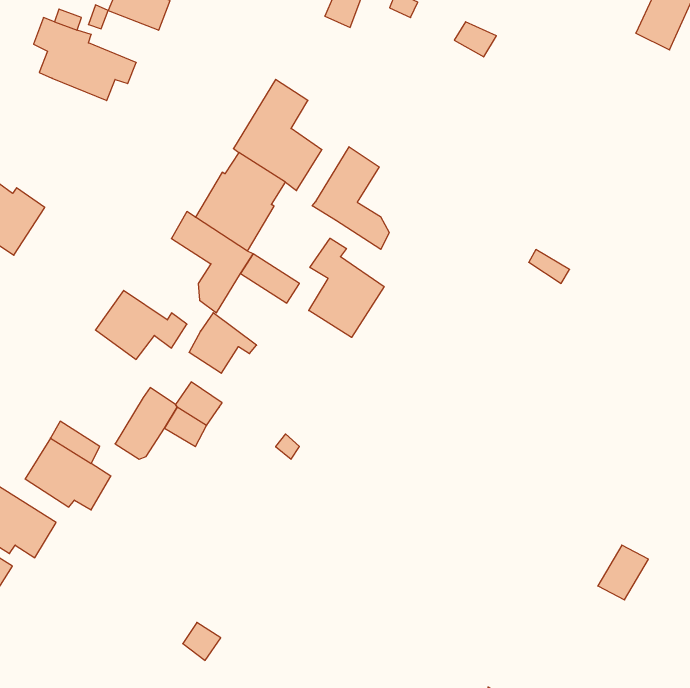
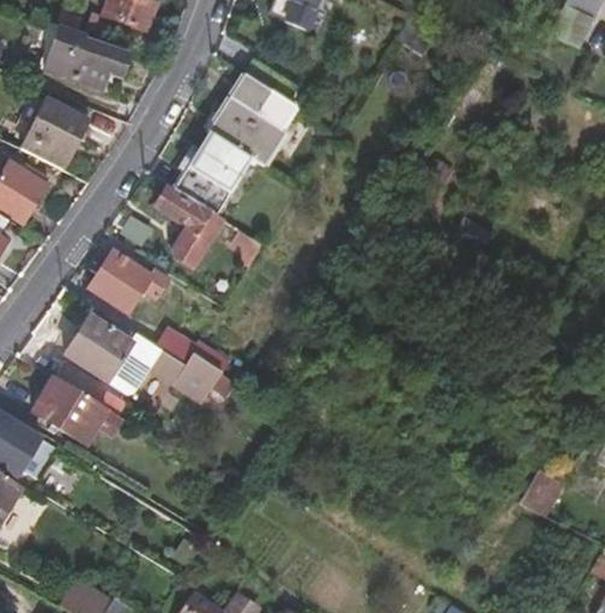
building: none -> [20,101,83,168]
building: [312,147,389,249] -> none
building: [309,238,384,337] -> none
building: [189,313,257,373] -> [175,351,232,402]
building: none -> [65,316,131,382]

